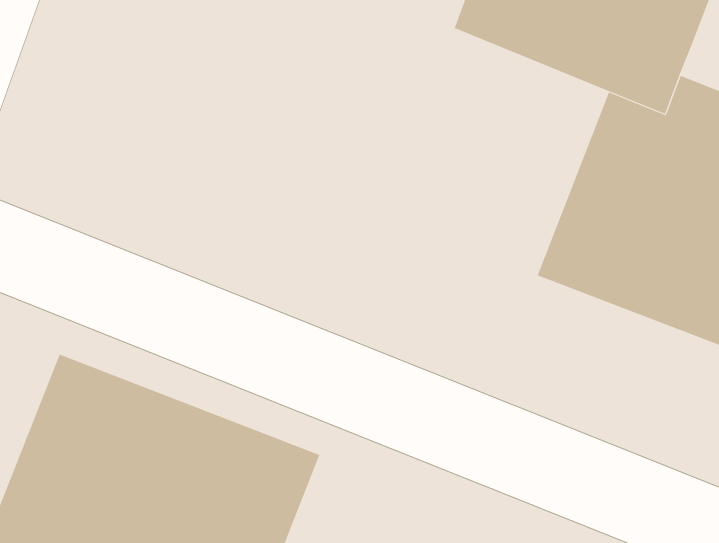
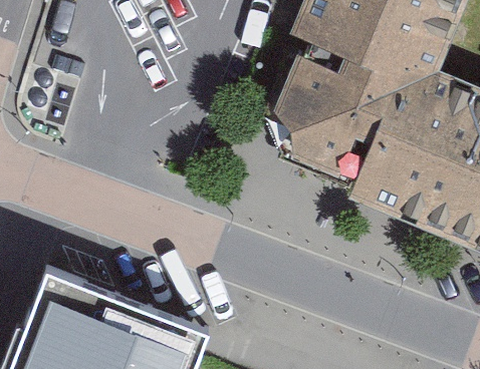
building: none -> [270,45,394,198]

